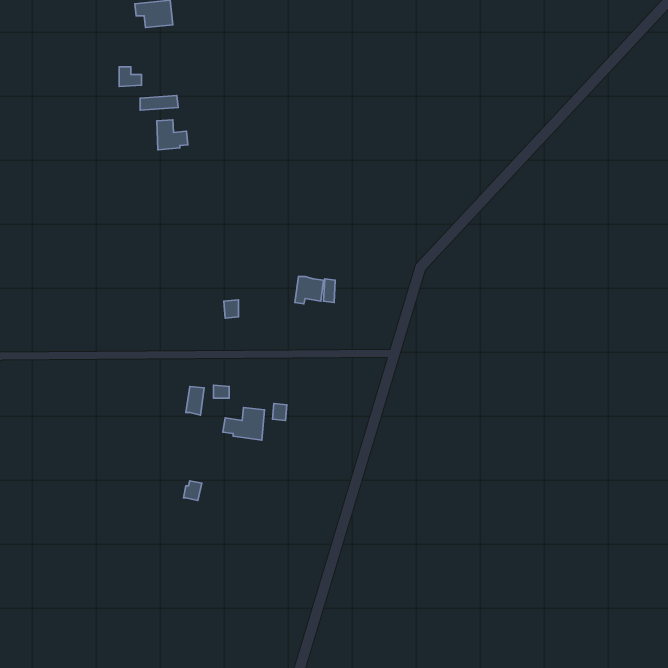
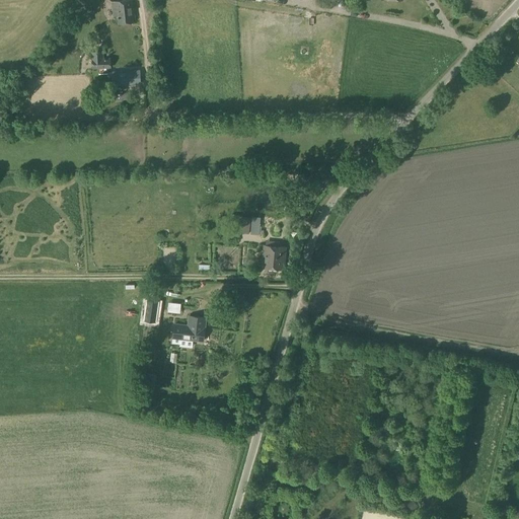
building: [157,120,188,150] -> none
building: none -> [263,244,286,269]

